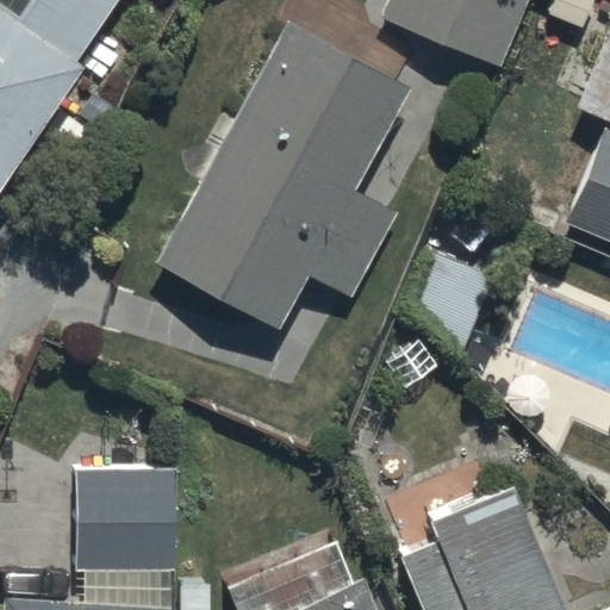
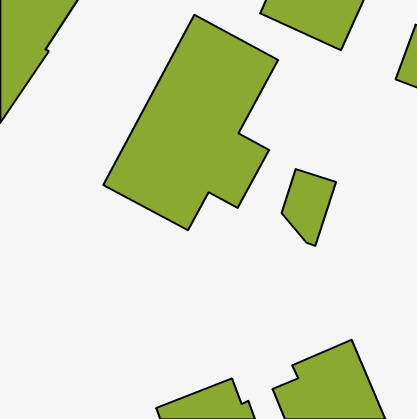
building: [77,463,173,574] -> none

